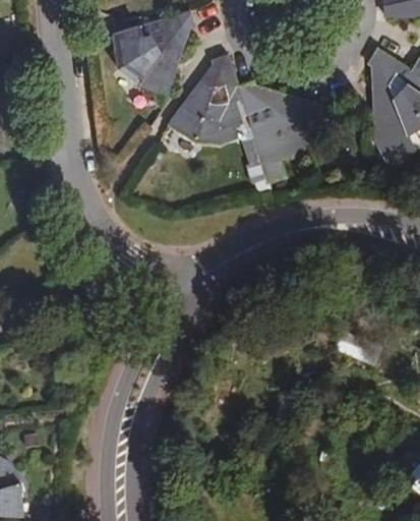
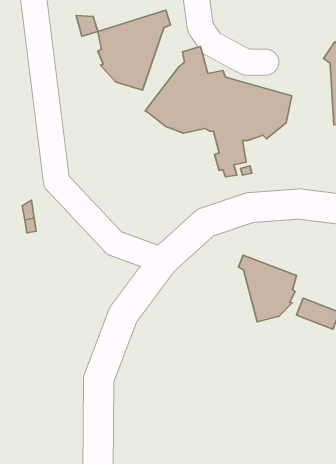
building: none -> [239,255,296,322]

